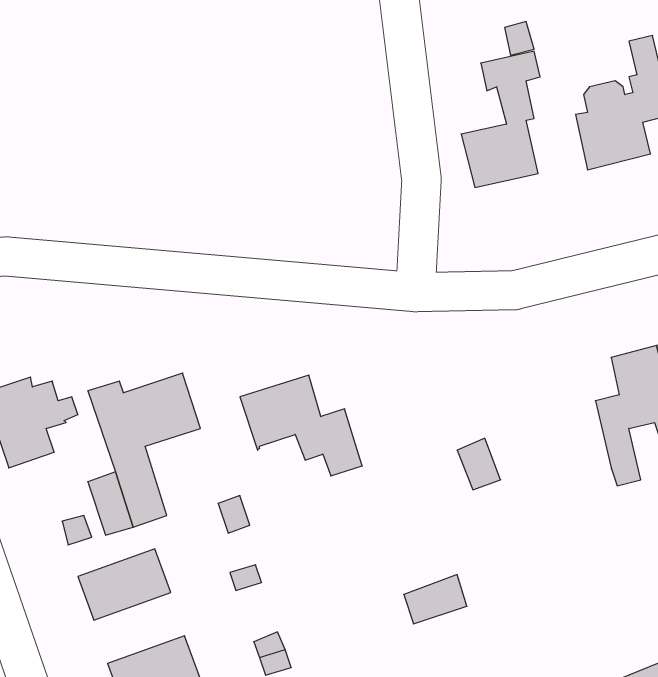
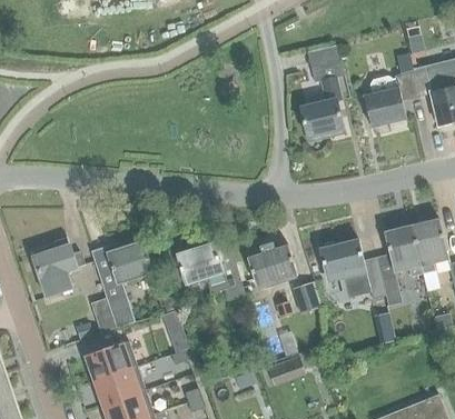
building: none -> [319,240,385,299]
building: none -> [247,243,297,290]
building: none -> [93,366,145,406]

